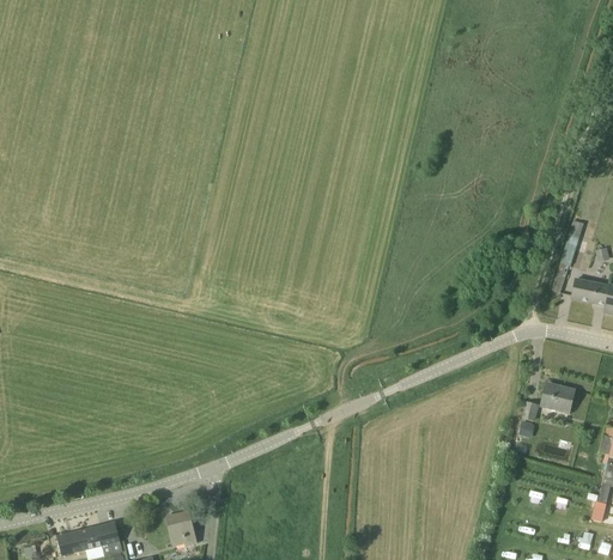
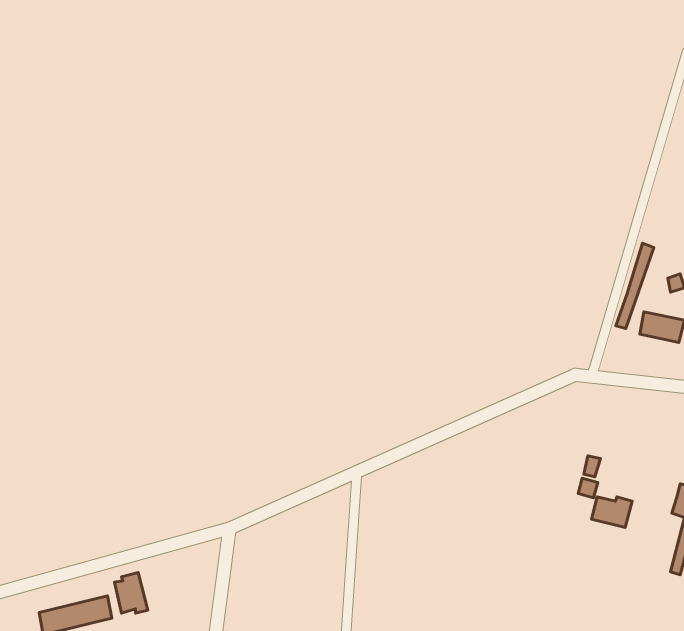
building: [540,385,575,412] -> [592,497,632,528]
building: [168,510,196,544] -> [114,572,148,613]

